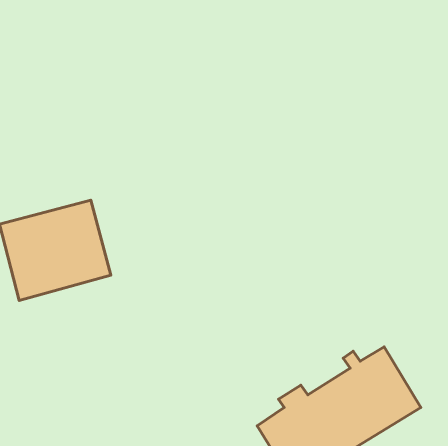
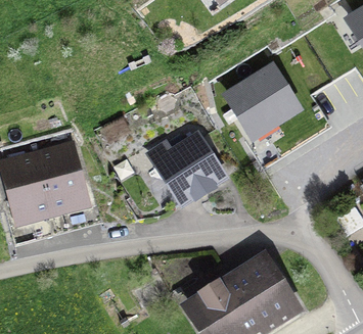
building: none -> [226,69,293,136]
building: none -> [146,138,219,207]

